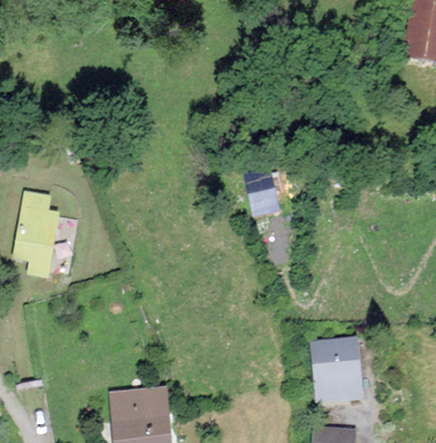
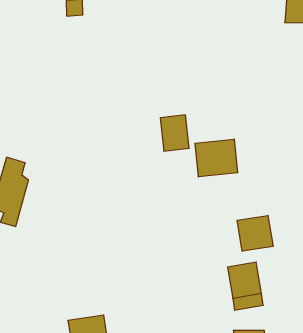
building: none -> [195,139,238,177]
building: none -> [237,215,273,251]

